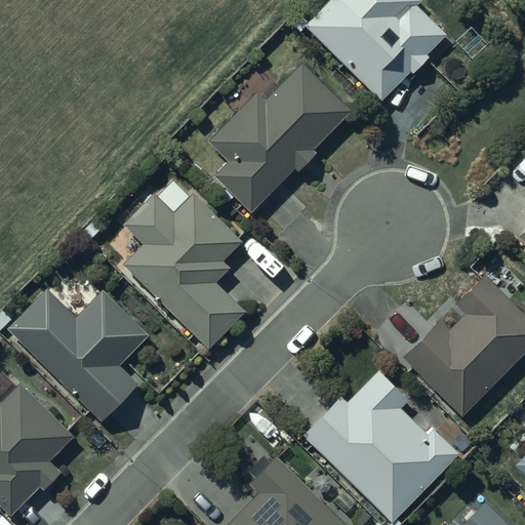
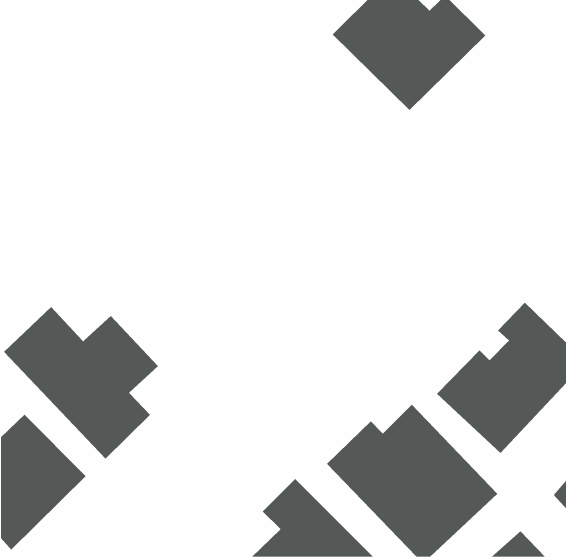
building: [202,66,350,211] -> none
building: [109,190,250,357] -> none

